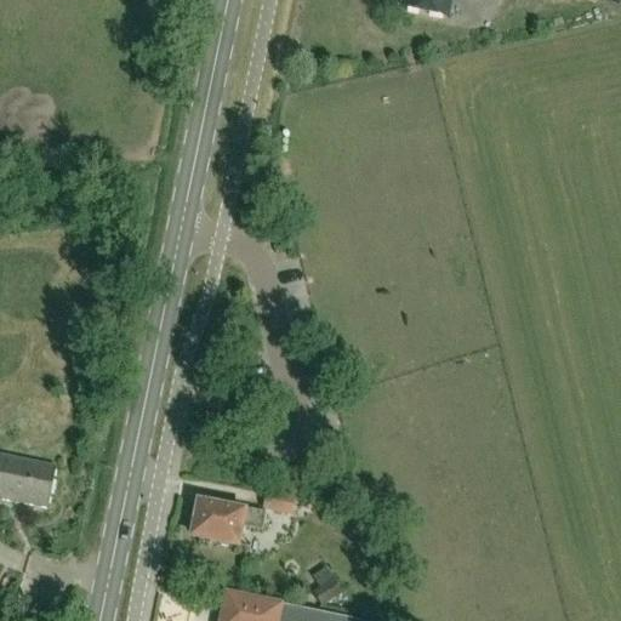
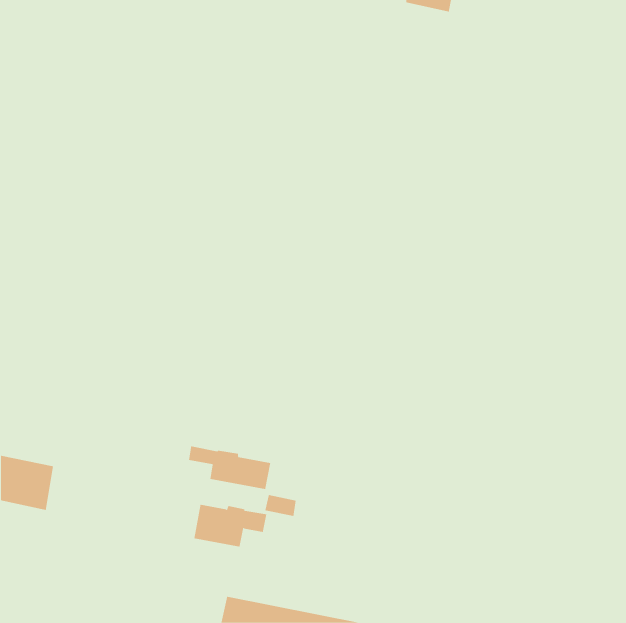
building: none -> [189,446,271,490]

